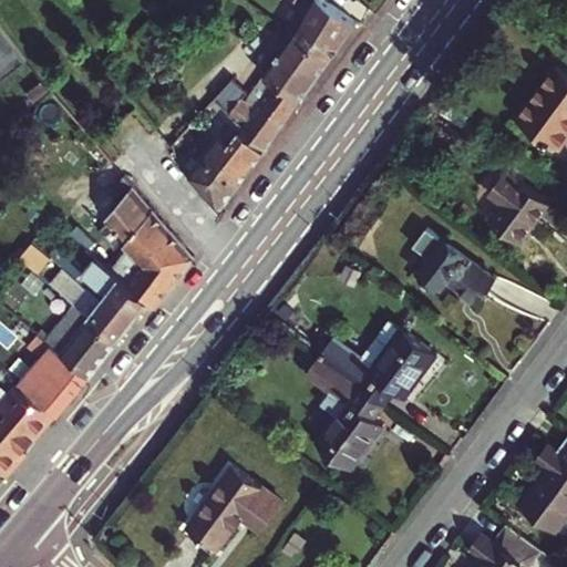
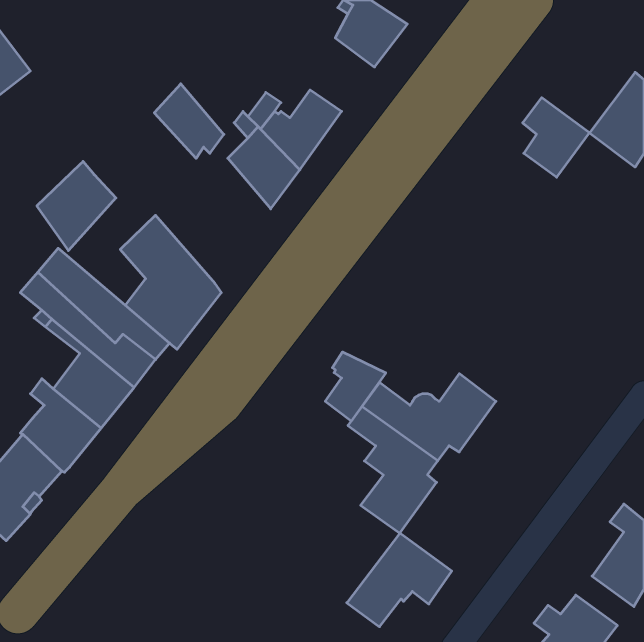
building: [264,38,328,102] -> none
building: [176,143,237,208] -> [154,84,224,158]
building: none -> [37,161,116,251]
building: [488,173,547,243] -> [523,98,590,177]
building: [410,230,491,301] -> none
building: none -> [325,352,386,421]
building: [187,470,279,551] -> [347,533,452,627]

